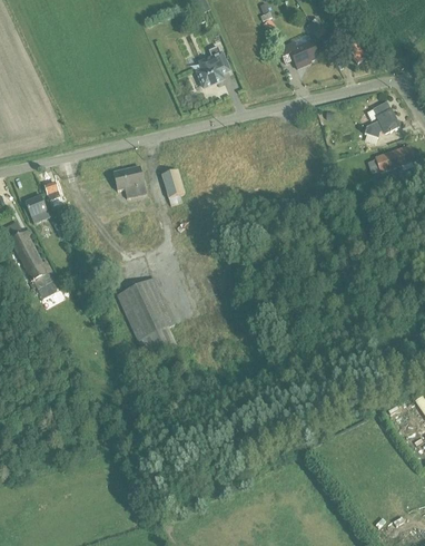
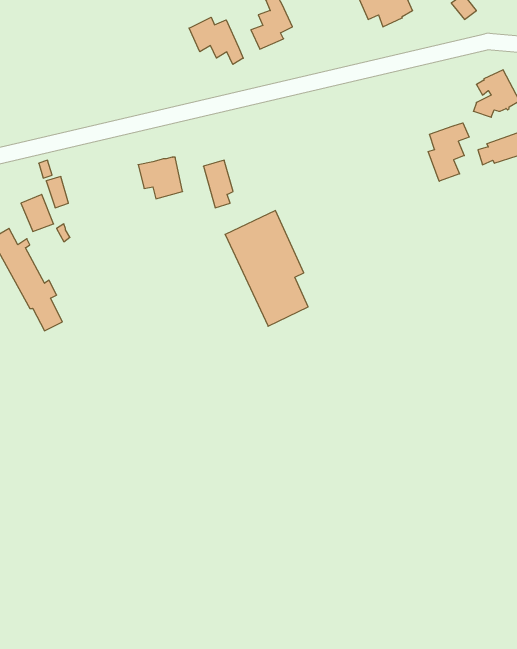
building: none -> [189,17,243,64]
building: none -> [428,123,469,181]
building: [116,276,178,363] -> [225,211,308,326]

